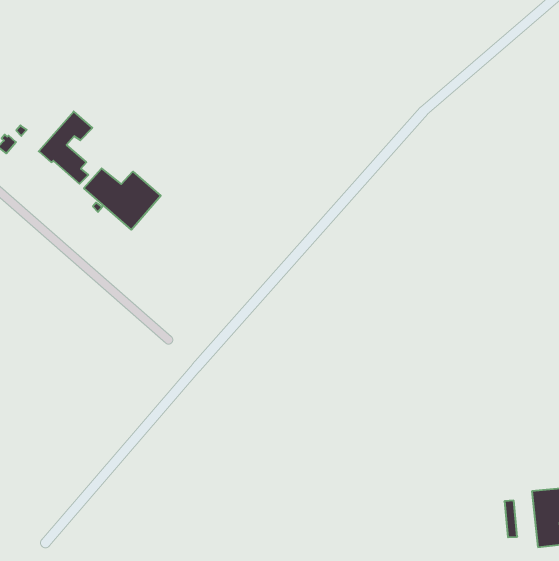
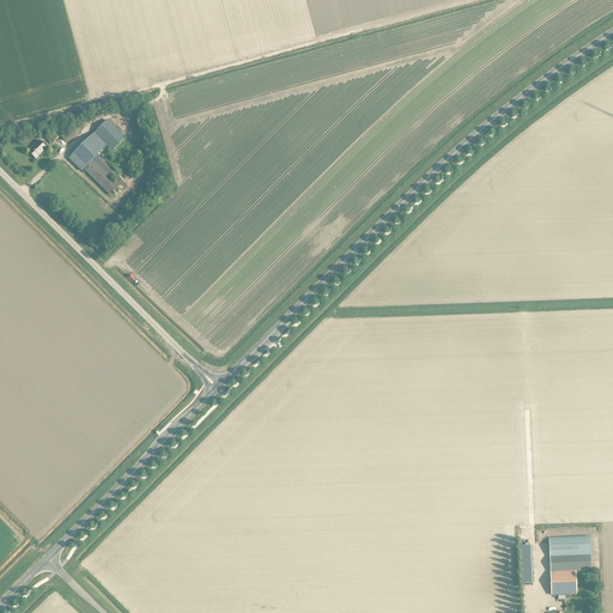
building: [84,168,161,230] -> none

